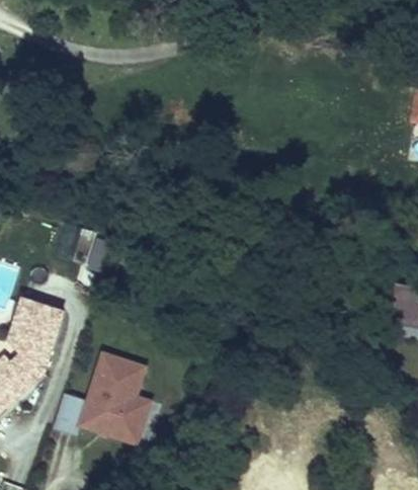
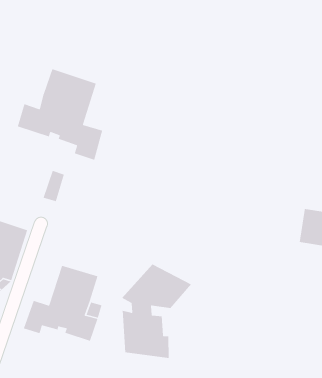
building: none -> [17,68,103,161]
building: none -> [121,264,192,359]

